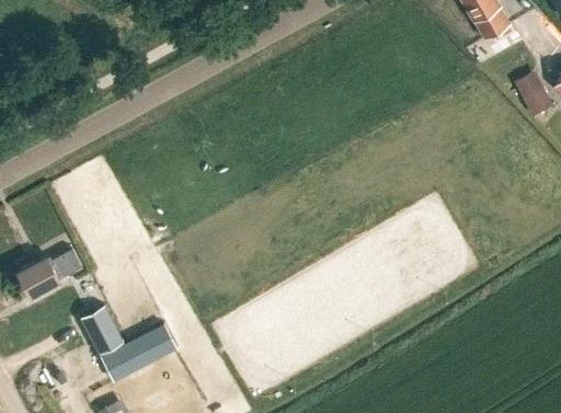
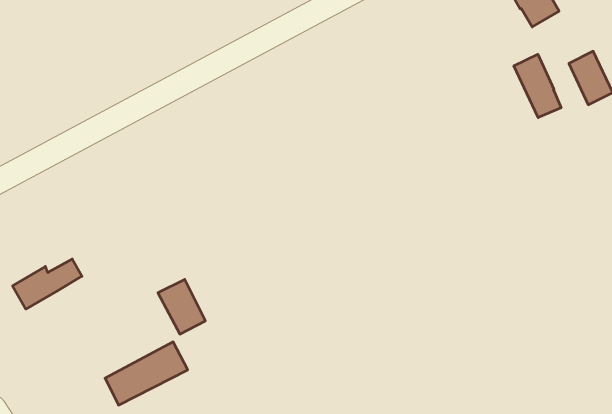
building: none -> [514,54,561,118]
building: [79,306,122,355] -> [158,279,205,334]

